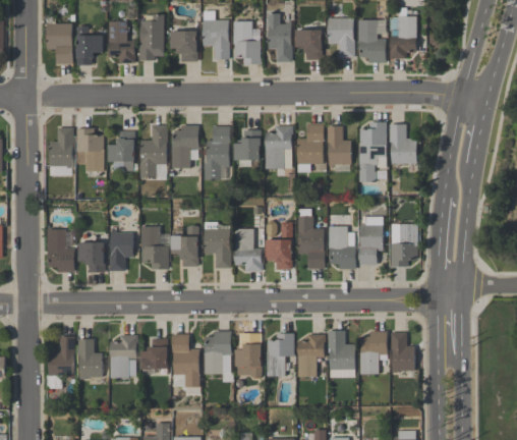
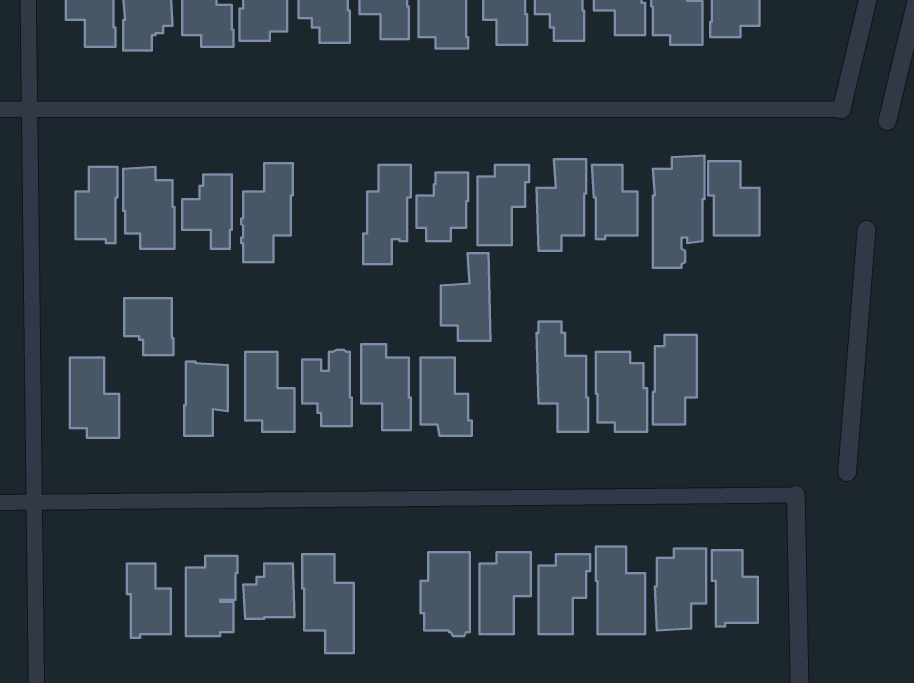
building: [171,125,198,168] -> none
building: [266,222,292,269] -> [441,253,490,341]
building: [391,224,417,266] -> none
building: [78,241,105,272] -> [124,298,174,355]
building: [204,331,231,374] -> none
building: [48,336,75,388] -> none

